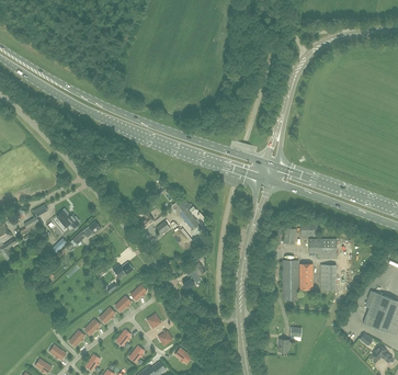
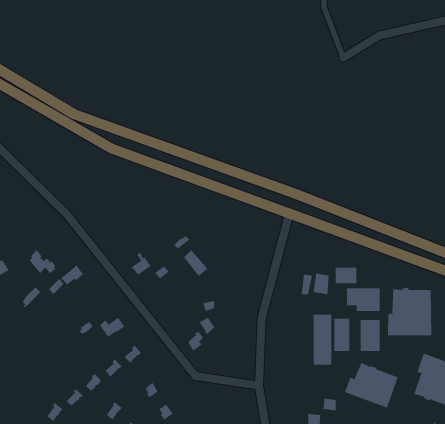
building: none -> [388,287,432,336]
building: none -> [344,362,398,409]

